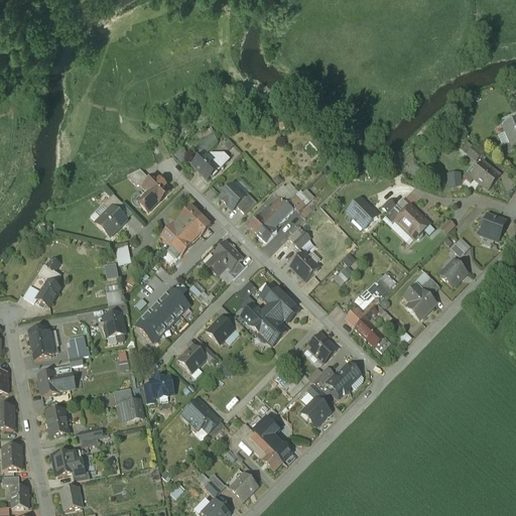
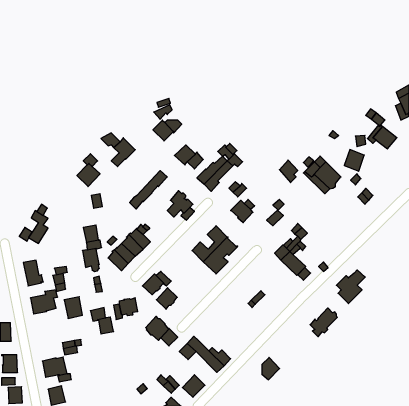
building: [161,205,202,246] -> none
building: [480,213,505,240] -> [344,150,364,171]
building: [439,259,467,286] -> none
building: [404,277,440,319] -> [336,270,365,304]
building: [208,315,234,343] -> [156,288,177,309]
building: [308,335,336,362] -> none
building: [328,362,362,398] -> [310,308,337,337]
building: [307,397,330,425] -> [262,357,280,380]
building: [250,408,278,441] -> none
building: [45,409,69,436] -> [64,297,82,318]

